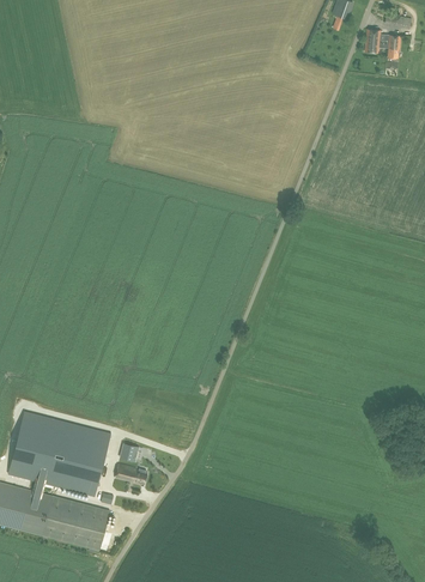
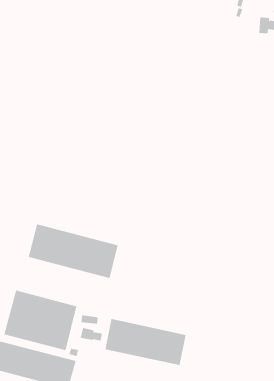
building: none -> [28,223,118,279]
building: none -> [105,318,186,366]

